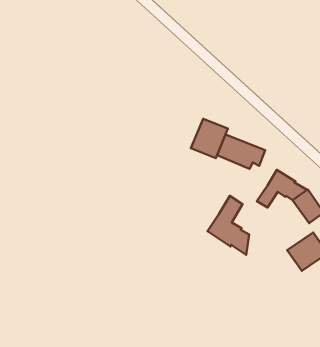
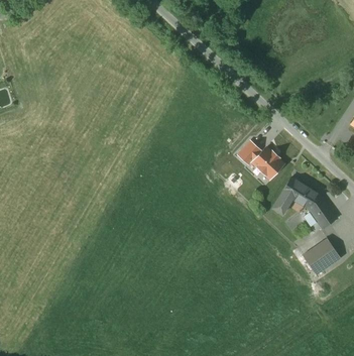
building: [191,119,228,158] -> none
building: [207,196,249,255] -> none

